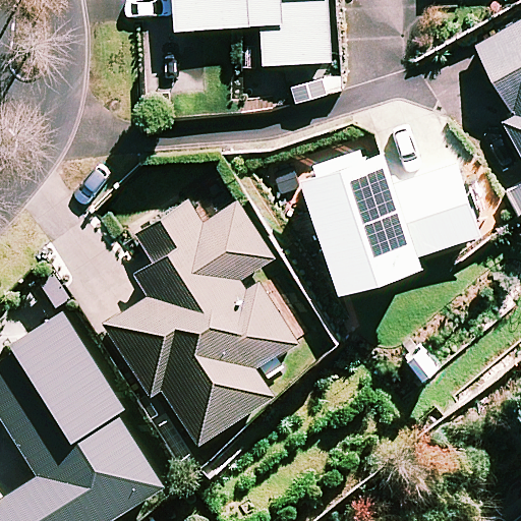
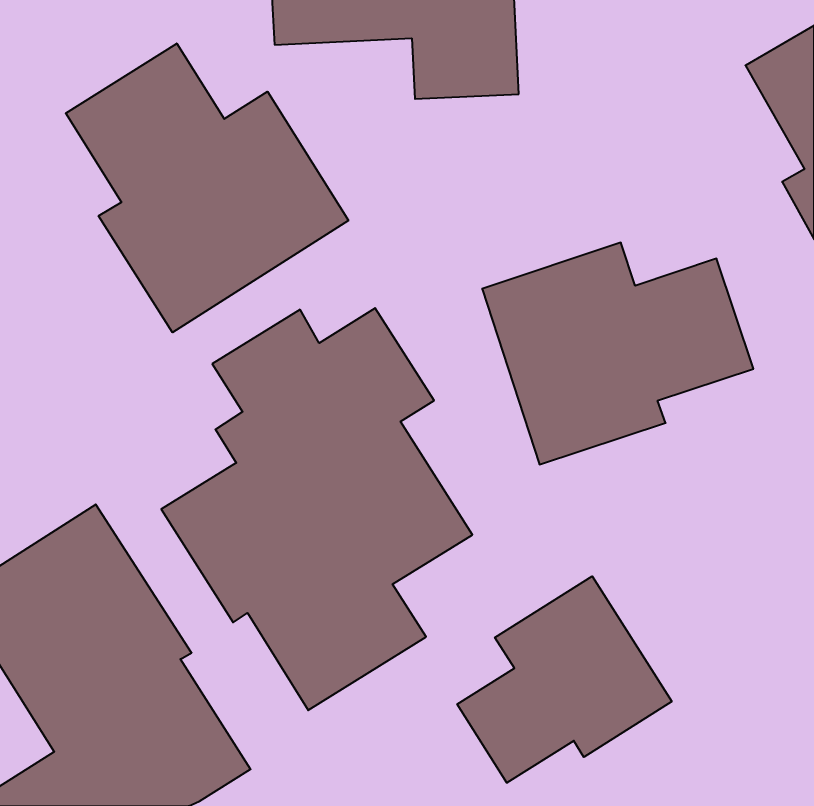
building: none -> [66,43,348,332]
building: none -> [457,576,672,783]

